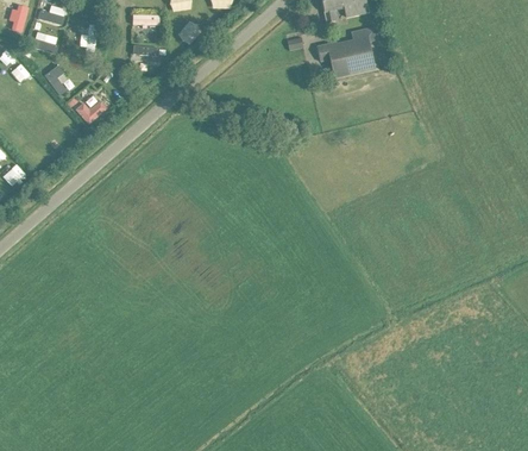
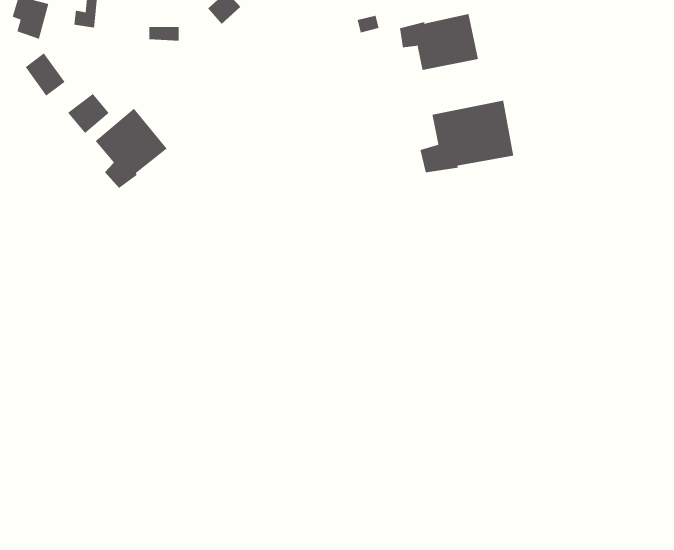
building: none -> [420,100,514,173]
building: none -> [95,108,168,189]

